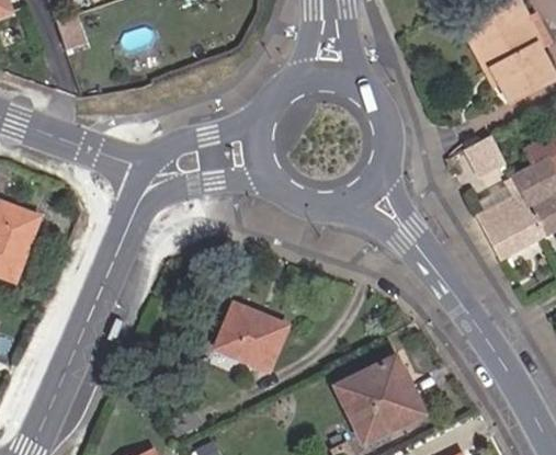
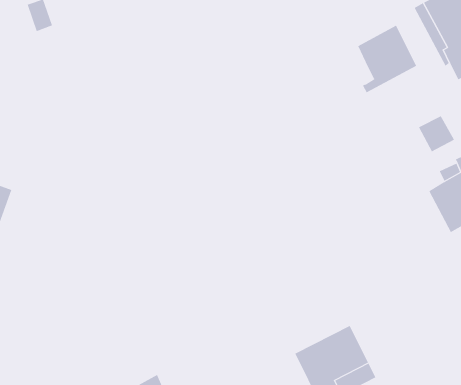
building: none -> [357,25,417,93]
building: [215,304,286,368] -> none

